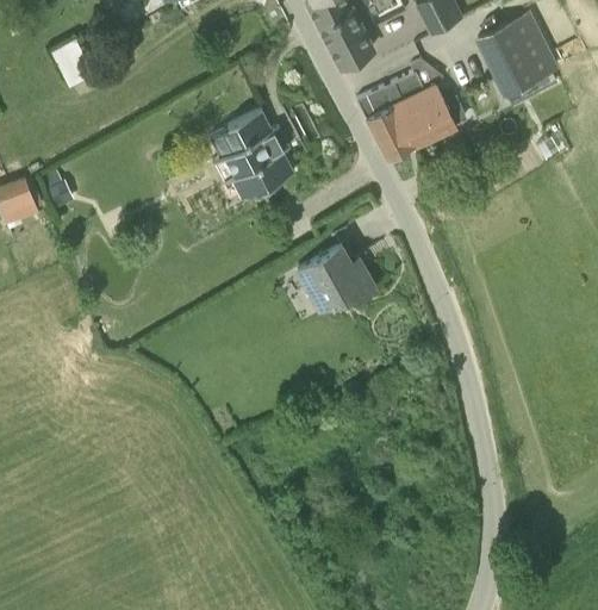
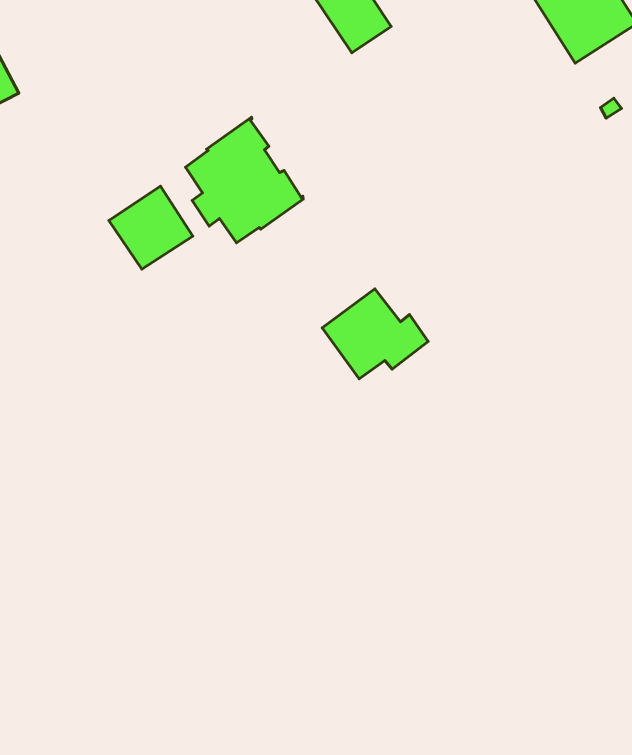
building: [359,71,466,158] -> none
building: none -> [109,186,193,269]

